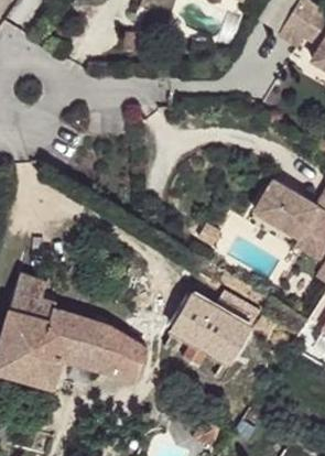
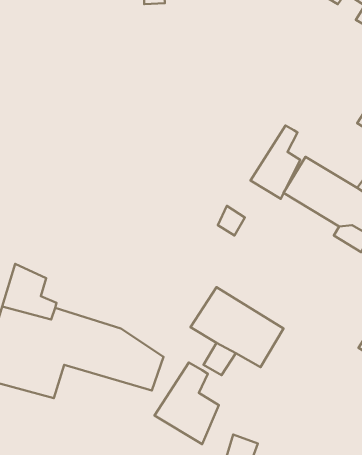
building: none -> [250,125,300,199]
building: none -> [154,363,219,444]

